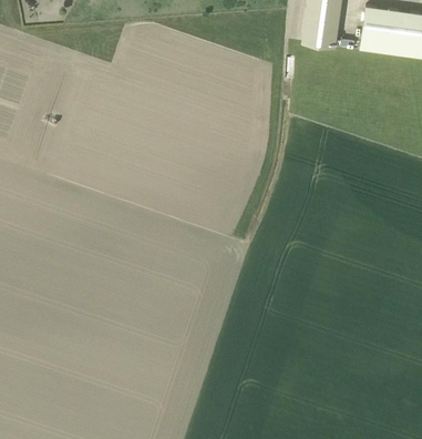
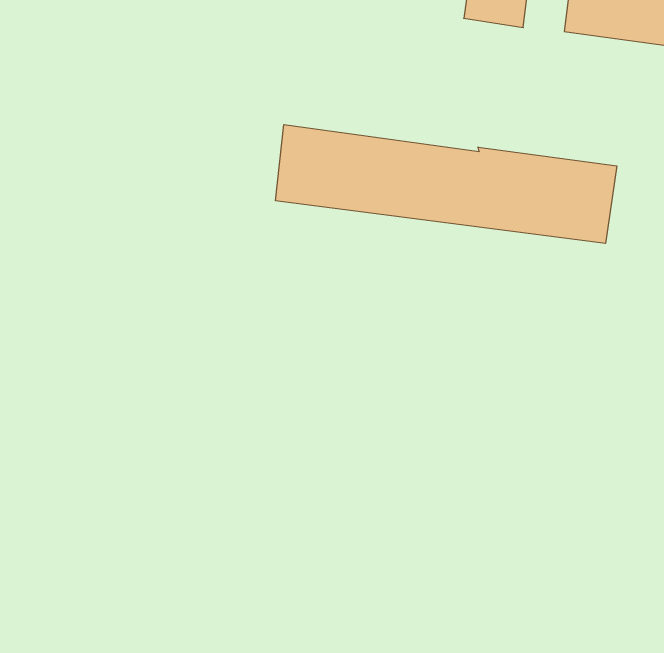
building: none -> [276,125,617,243]

